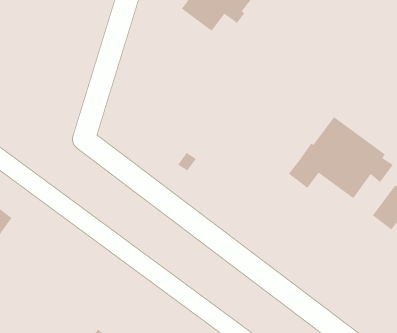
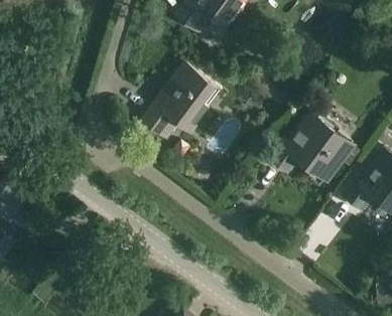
building: none -> [141,62,217,141]

